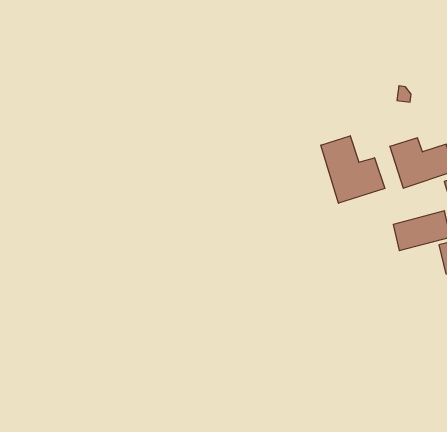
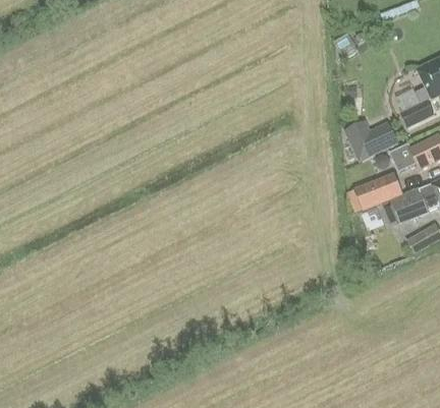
building: [321,136,385,203] -> none

